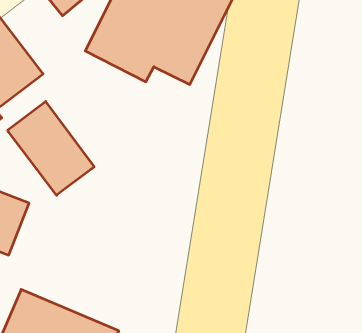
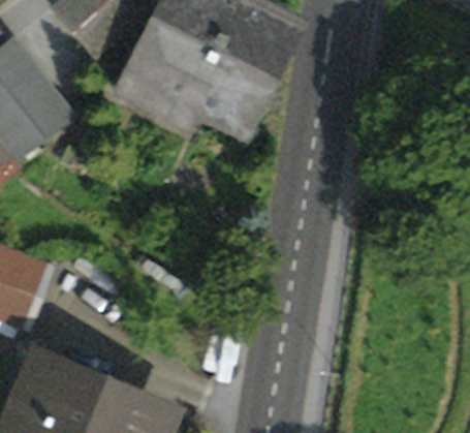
building: [8,101,94,195] -> none

